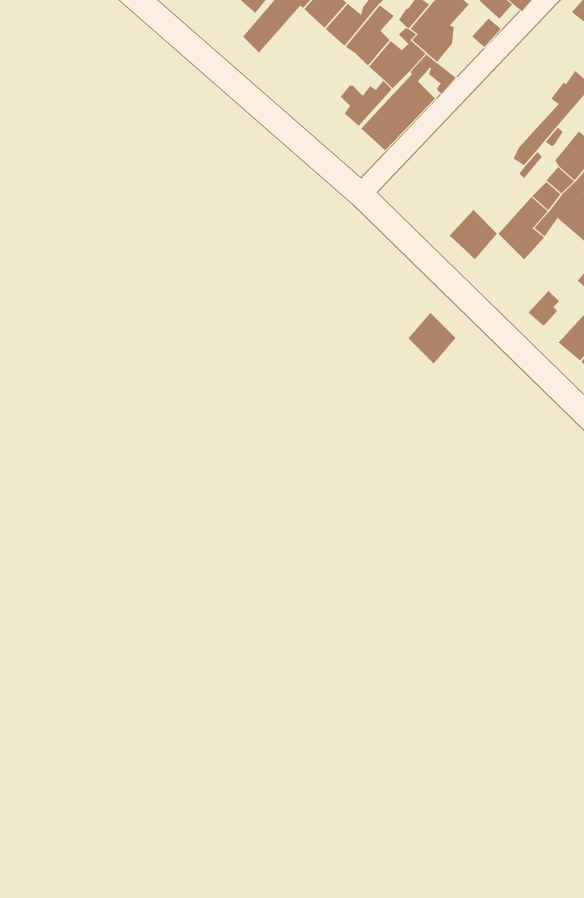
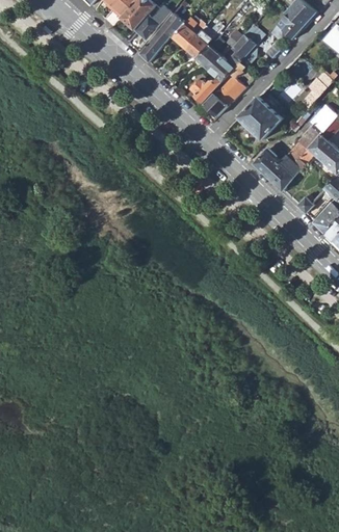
building: none -> [238,95,282,138]
building: [407,312,456,364] -> [267,161,294,190]

